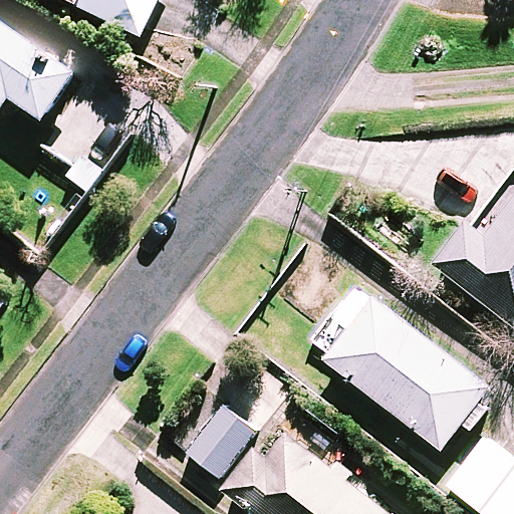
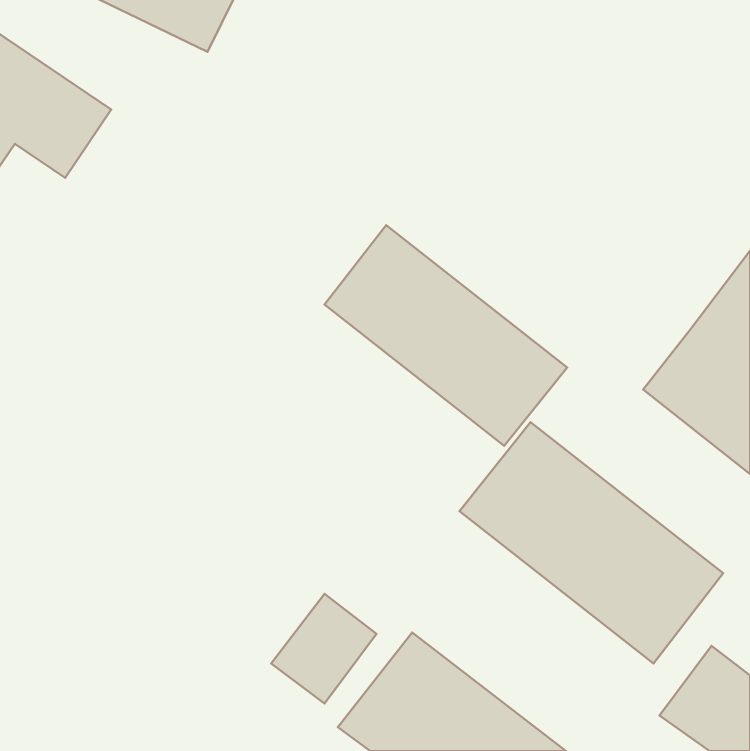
building: none -> [325,225,567,446]

